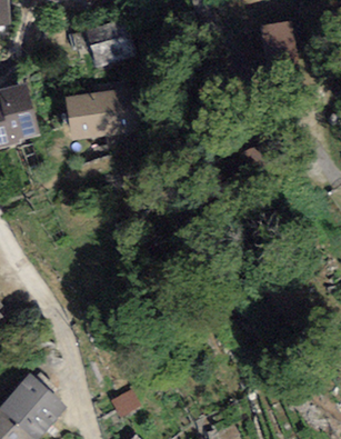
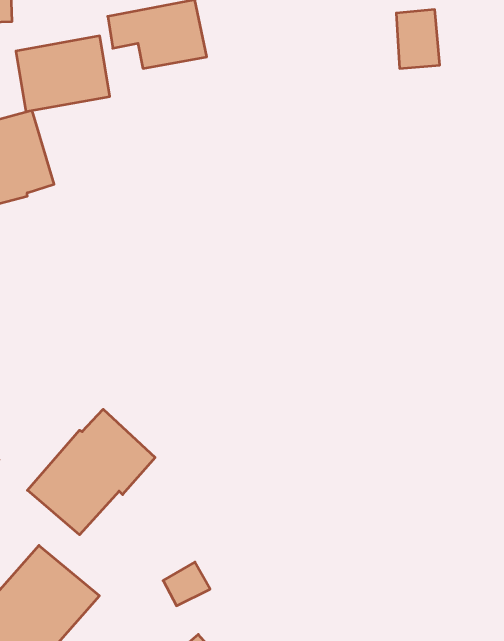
building: [64,88,127,138] -> [16,36,110,111]
building: none -> [27,409,155,535]

